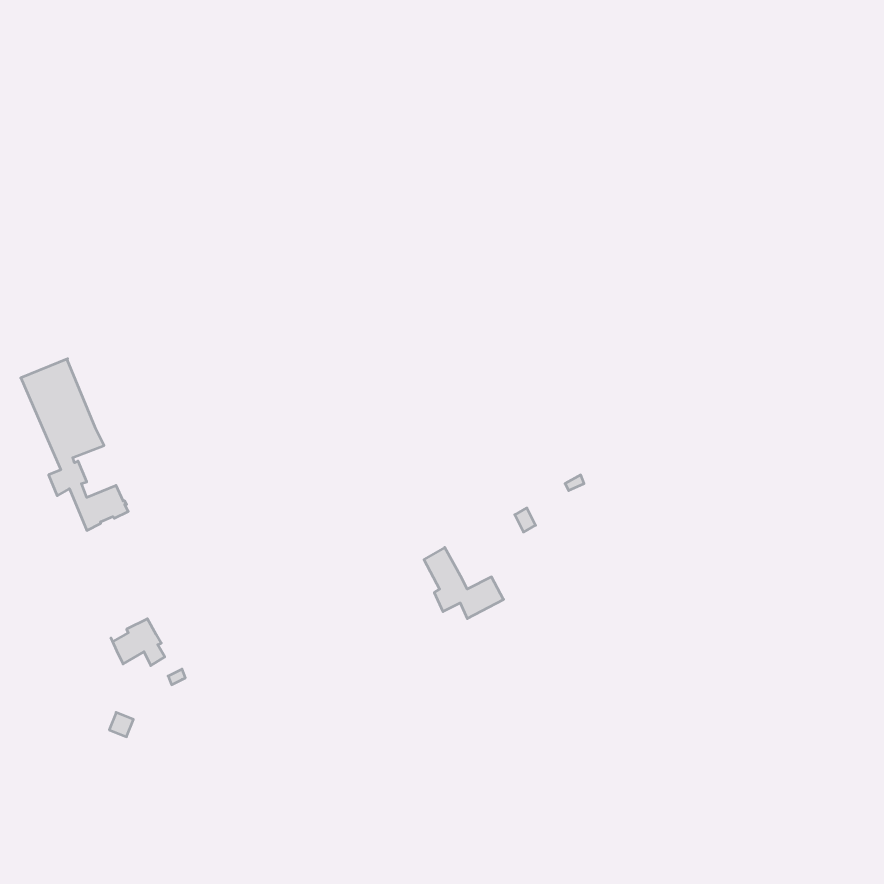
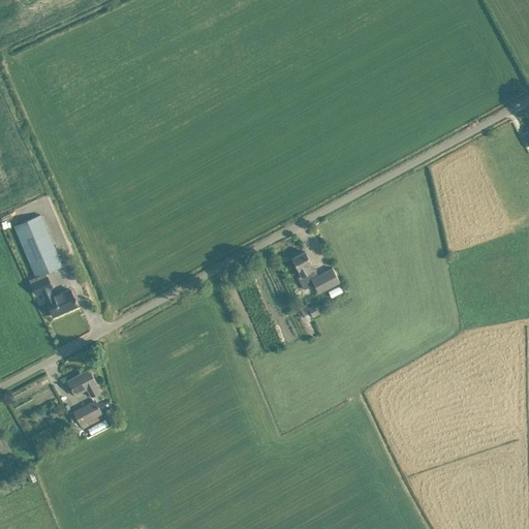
building: [424,547,504,619] -> [291,252,339,294]
building: none -> [72,402,100,430]

